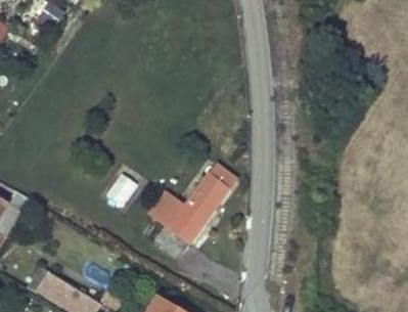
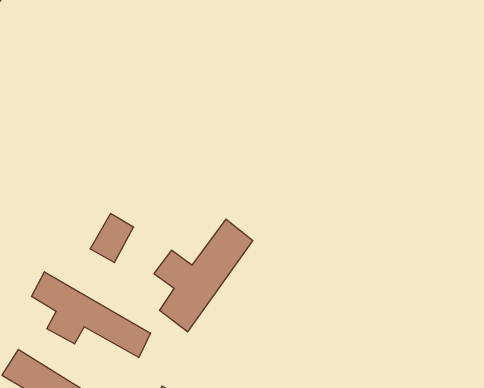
building: none -> [31,272,151,358]

